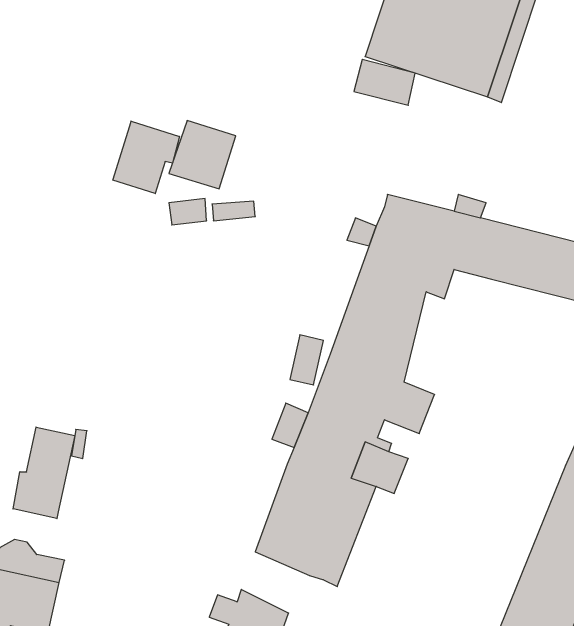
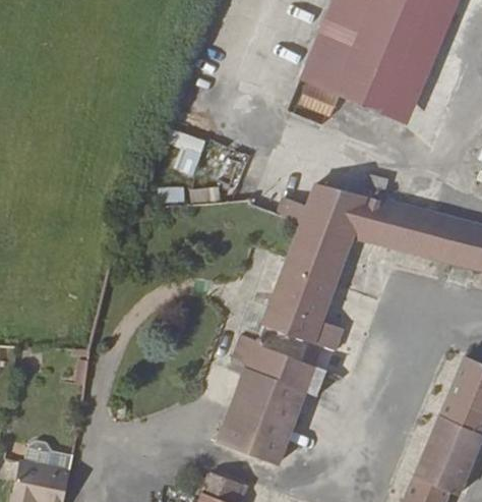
building: [113,121,179,194] -> none
building: [13,427,75,519] -> none

